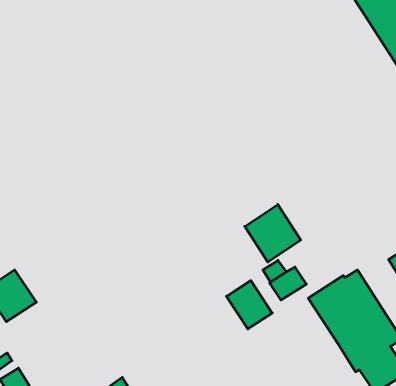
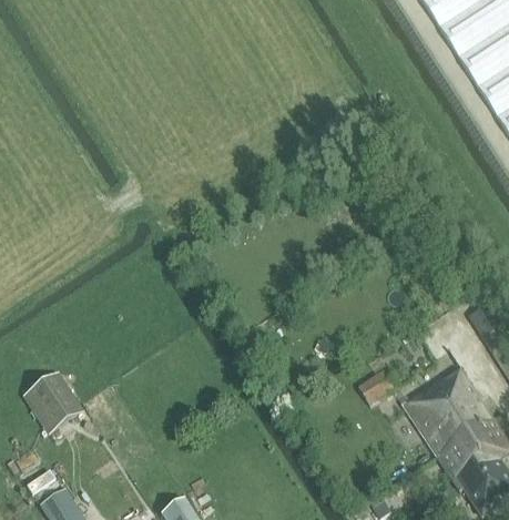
building: [245,204,301,262] -> none
building: [226,281,272,329] -> none

